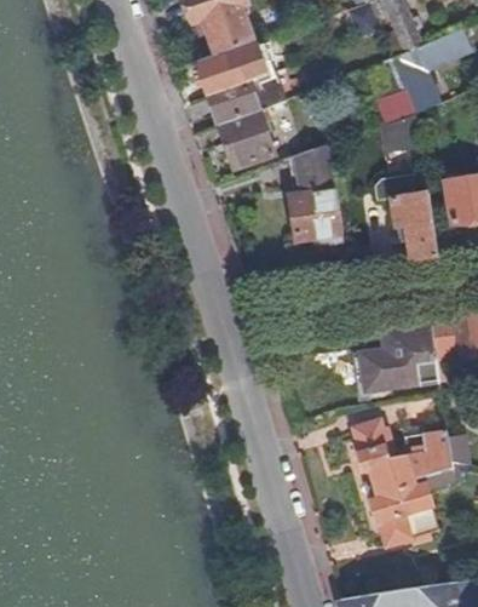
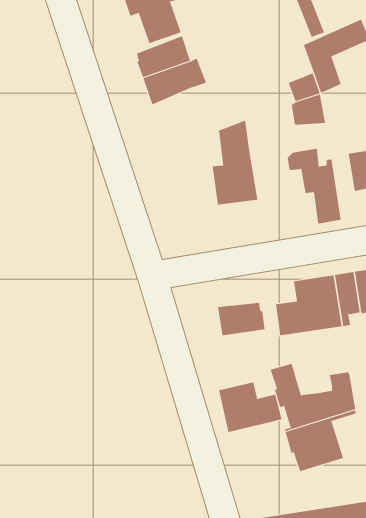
building: [218,105,272,168] -> none
building: none -> [217,302,265,336]
building: none -> [218,382,282,433]

